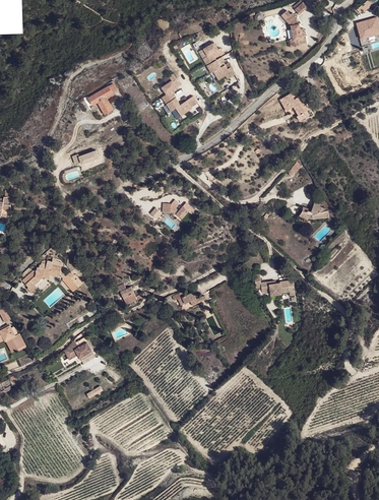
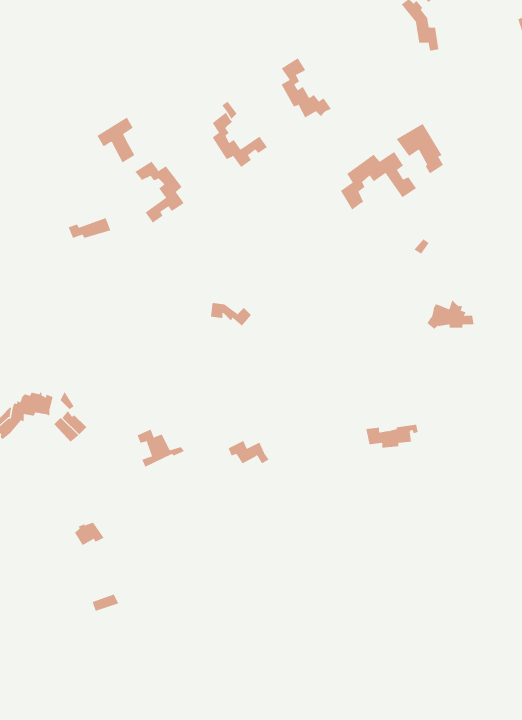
building: none -> [340,151,417,211]
building: none -> [135,161,184,224]

